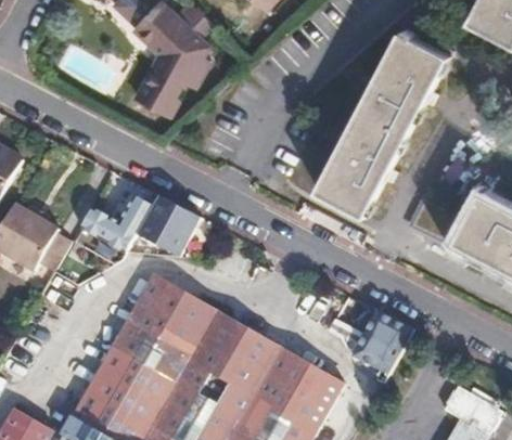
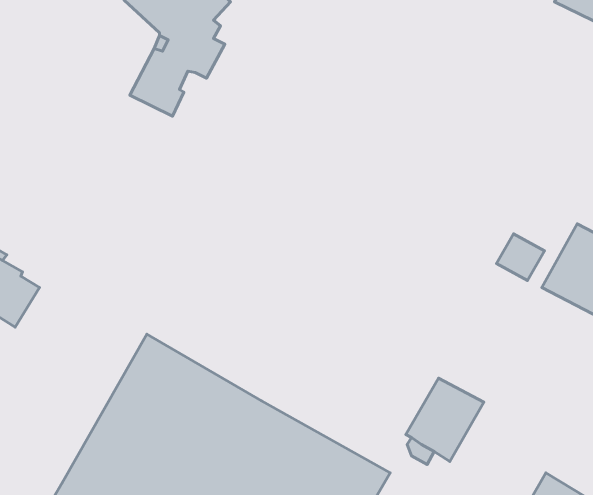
building: [316,30,447,213] -> none
building: [82,195,196,256] -> none

